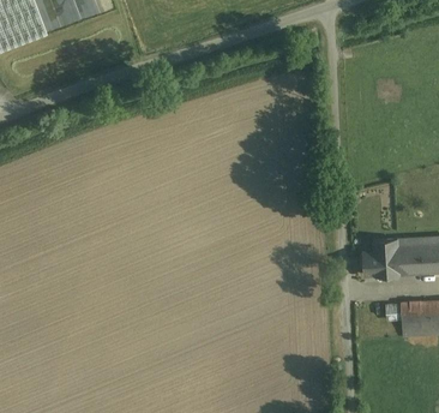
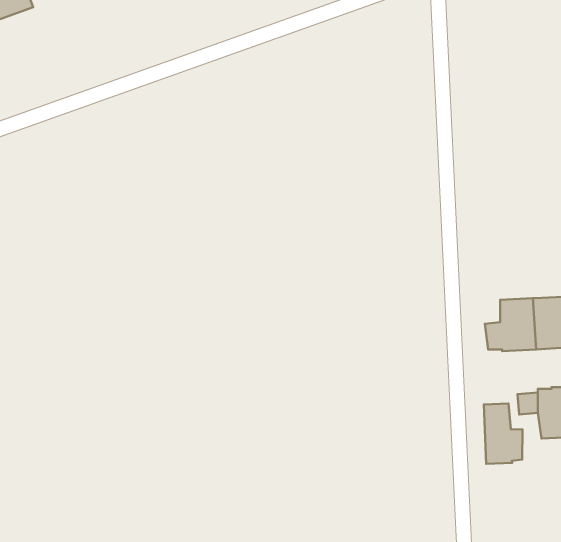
building: none -> [484,403,522,464]

